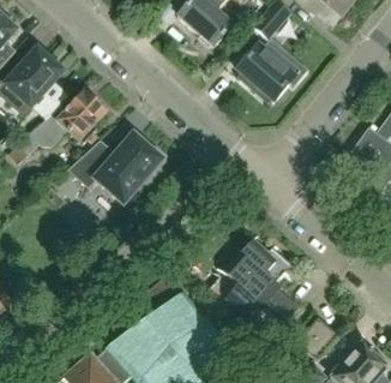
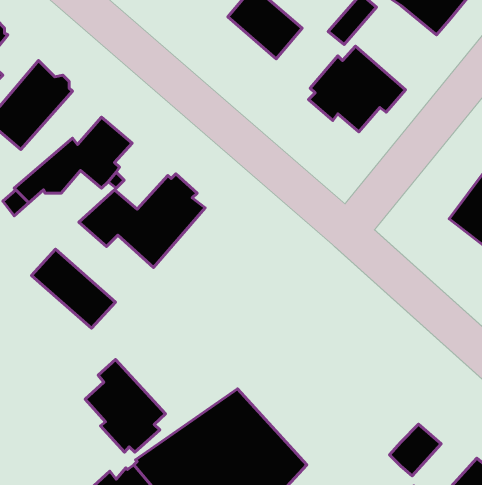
building: none -> [32,249,115,328]
building: [222,232,300,339] -> none
building: none -> [85,360,165,452]

